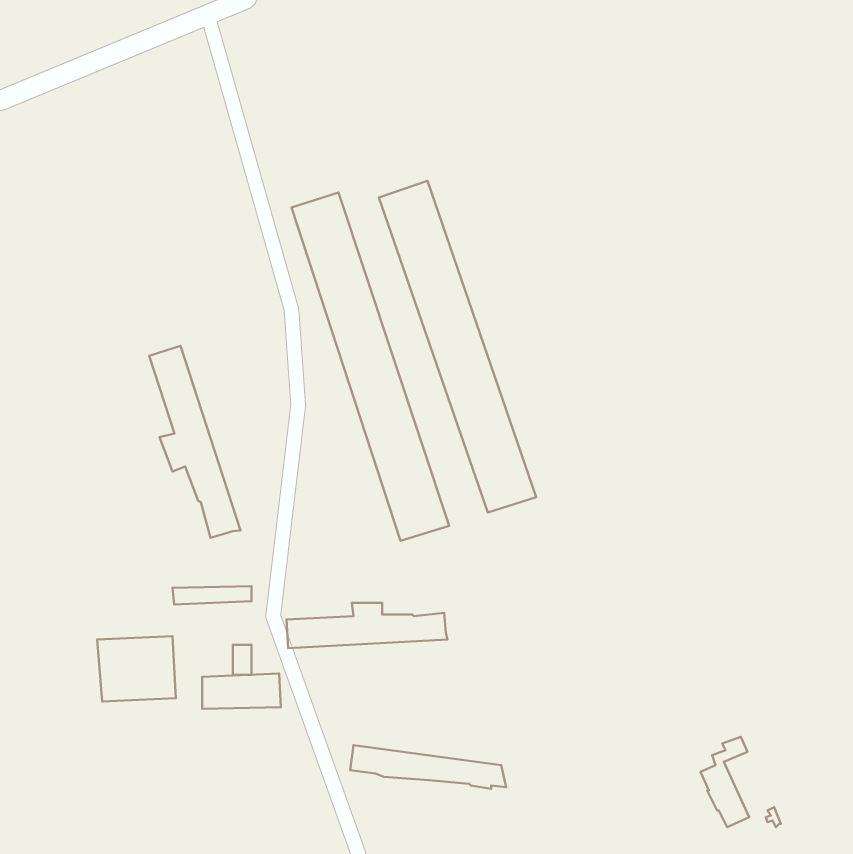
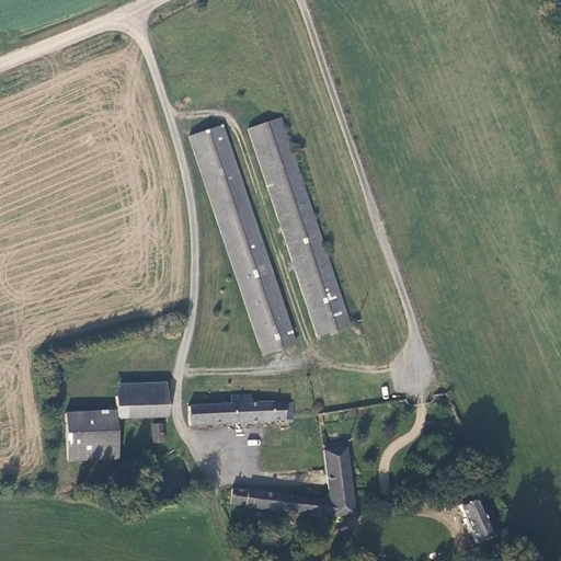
building: [149,346,241,538] -> none
building: [202,674,281,709] -> [116,393,168,416]
building: none -> [324,447,355,515]

